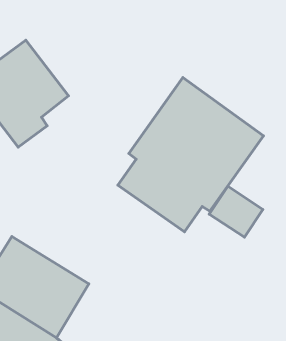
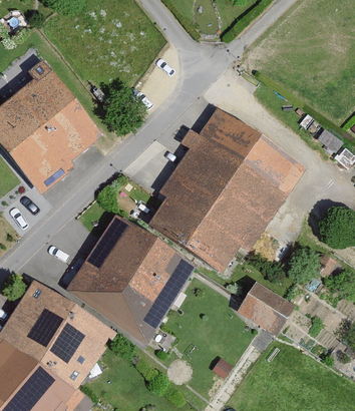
building: none -> [64,213,197,344]
building: [209,186,263,237] -> [236,280,294,335]

